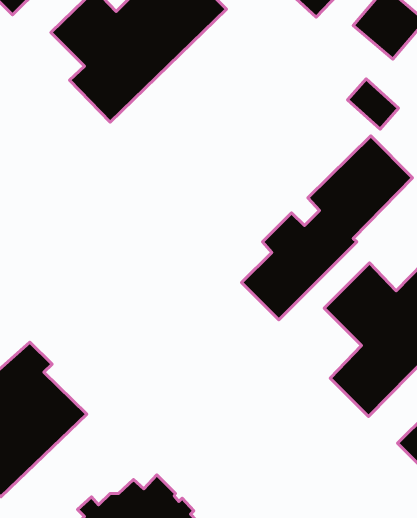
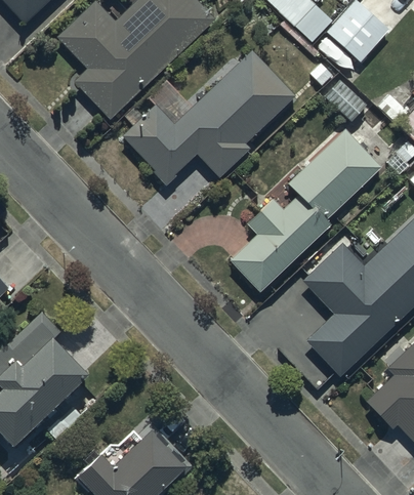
building: none -> [124,50,294,181]

